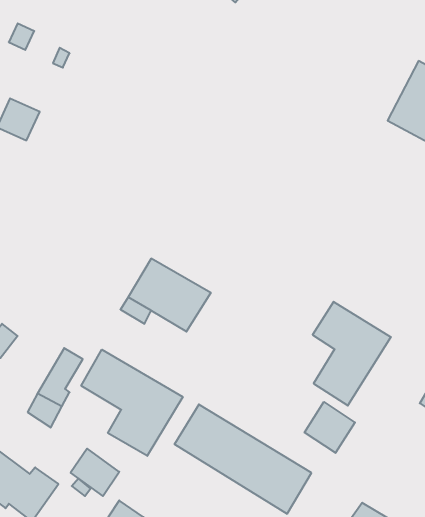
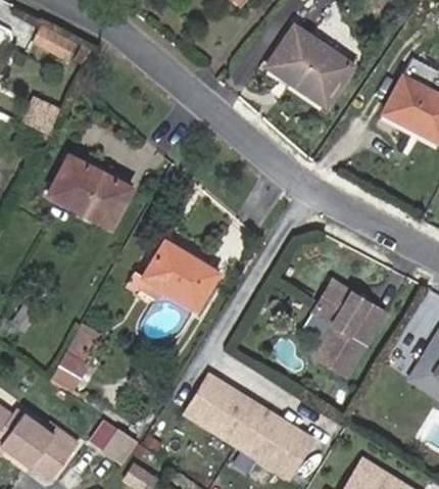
building: none -> [265,26,352,105]
building: none -> [48,155,132,228]
building: [81,350,183,456] -> none
building: [305,402,355,453] -> none

